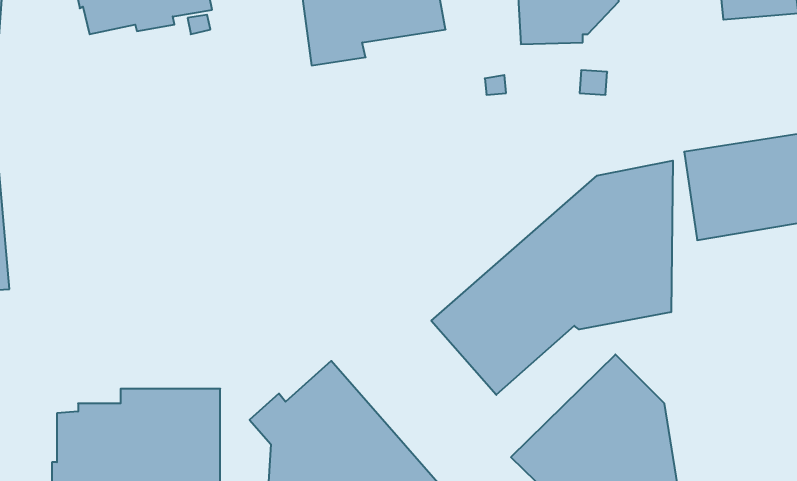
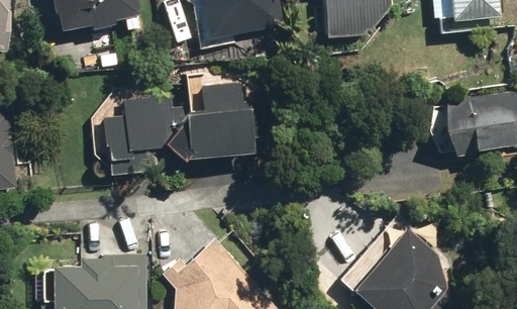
building: none -> [104,84,266,177]
building: [431,161,673,395] -> none

